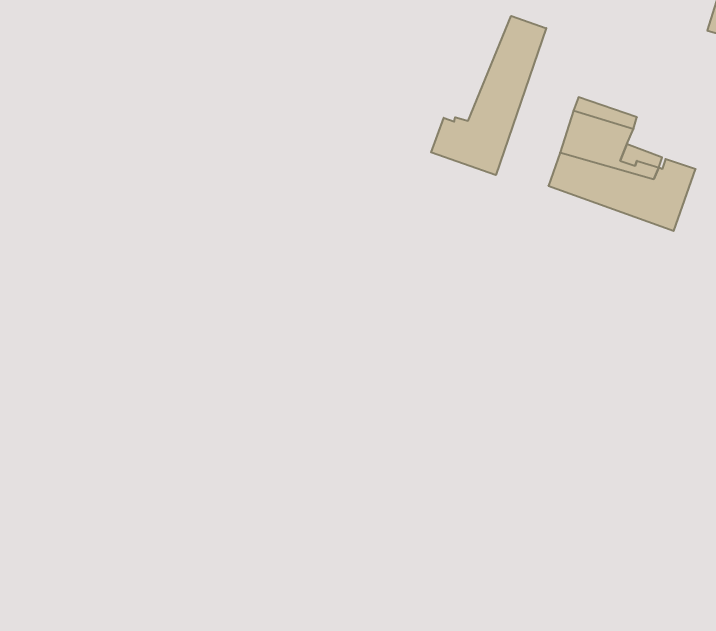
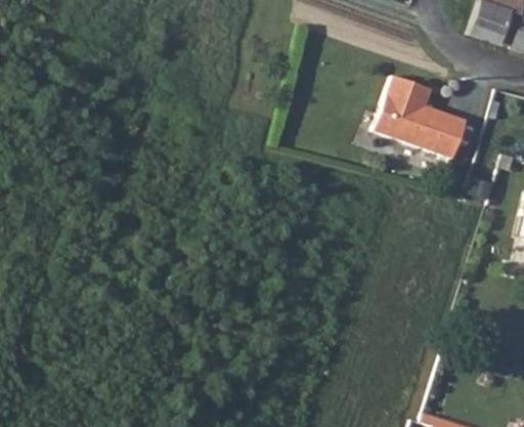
building: [431,16,546,175] -> none

